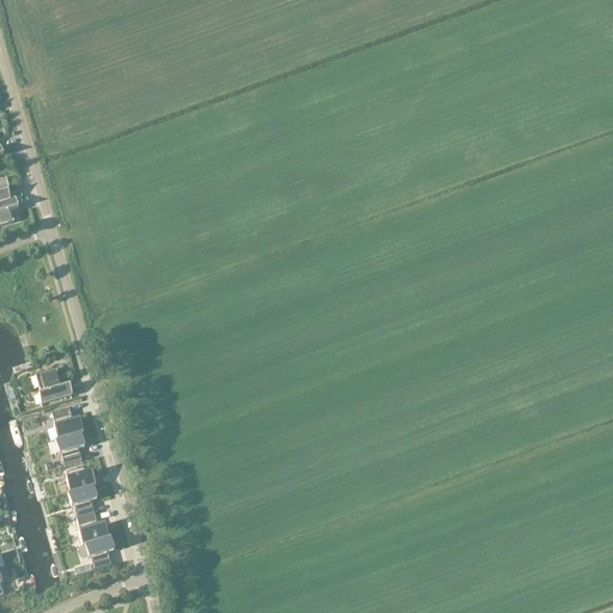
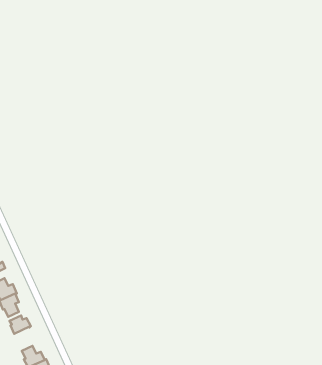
building: [68,484,98,517] -> none

